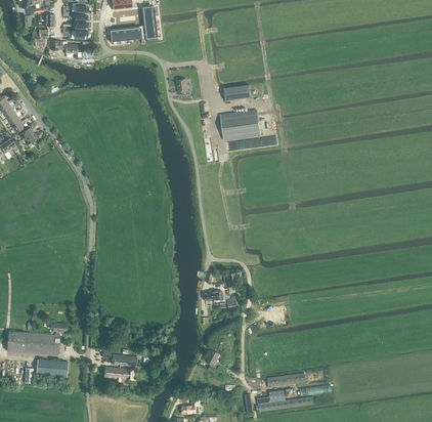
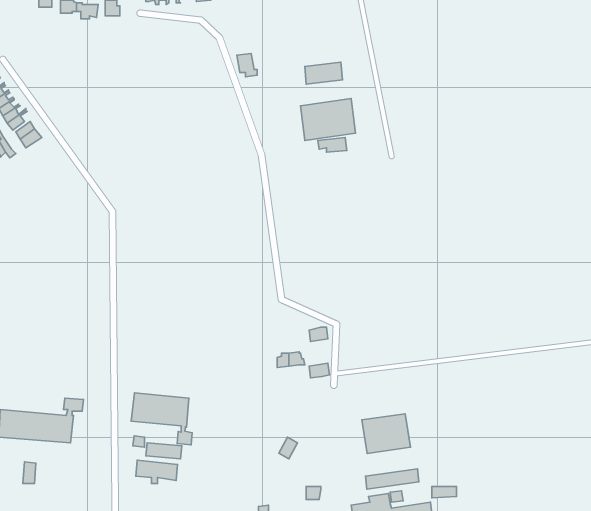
building: none -> [131,393,192,445]
building: none -> [362,414,410,453]
building: [35,358,67,376] -> none

